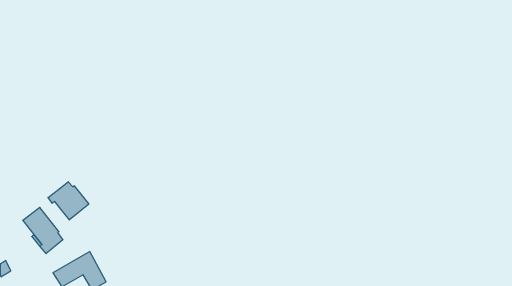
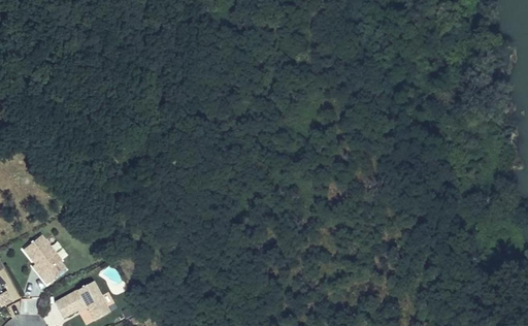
building: [48,182,89,220] -> none

